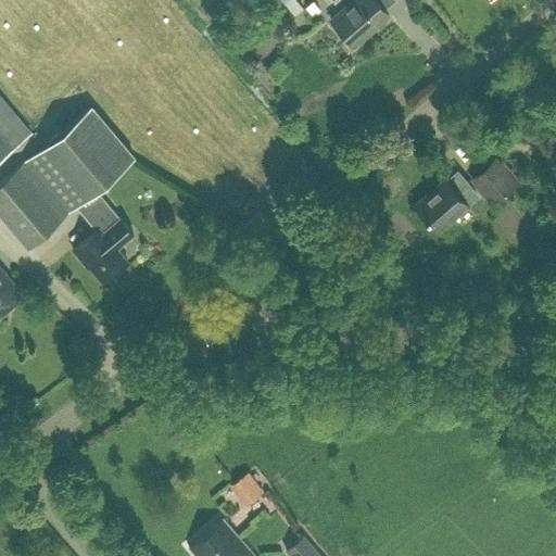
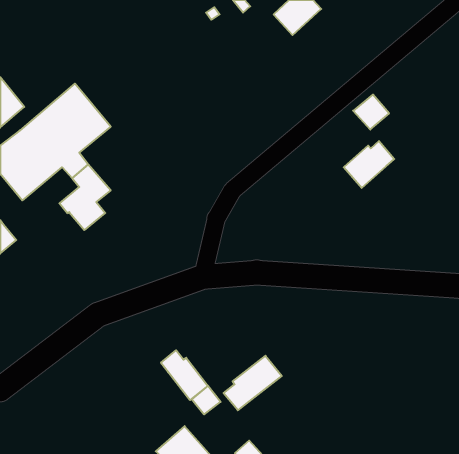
building: [472,164,516,206] -> [353,95,389,130]
building: none -> [161,350,208,400]
building: none -> [224,356,282,410]

